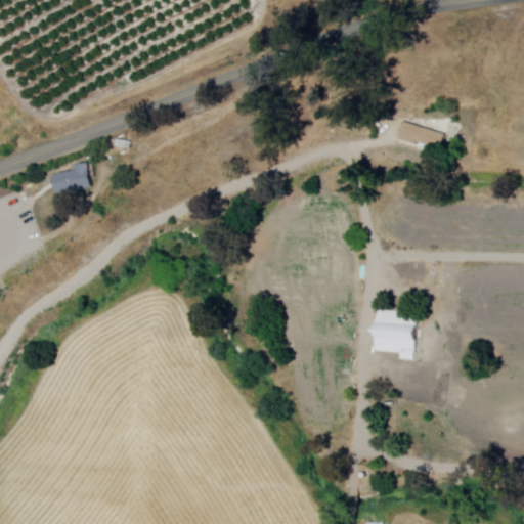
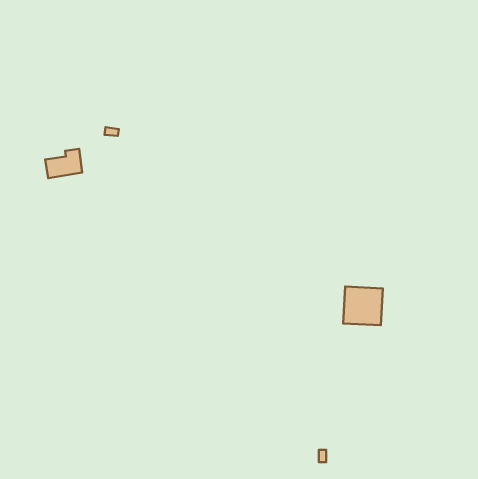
building: [395,119,440,148] -> none

